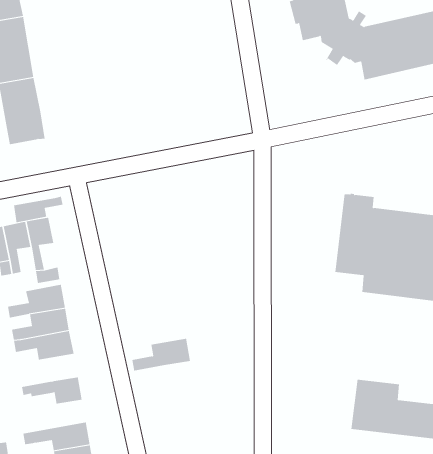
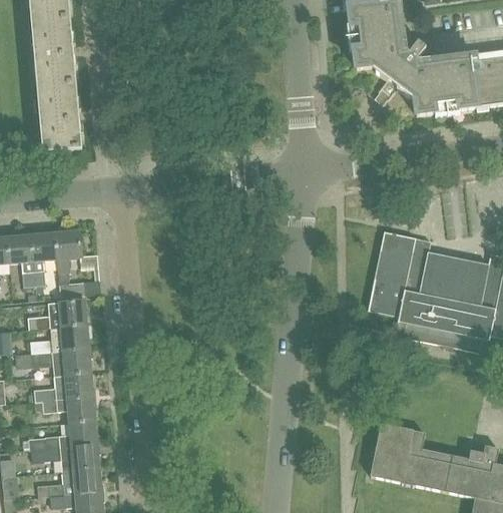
building: [13,196,63,223] -> none
building: [131,338,191,371] -> [33,372,94,401]
building: none -> [28,420,98,449]

